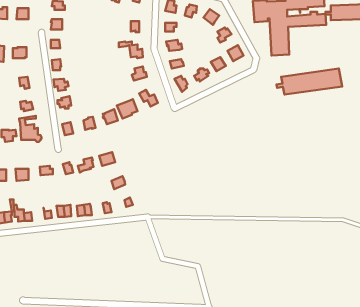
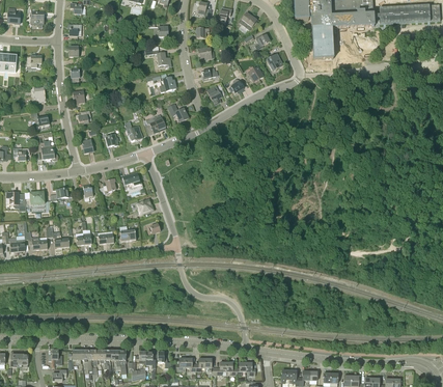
building: [276,68,342,95] -> none

